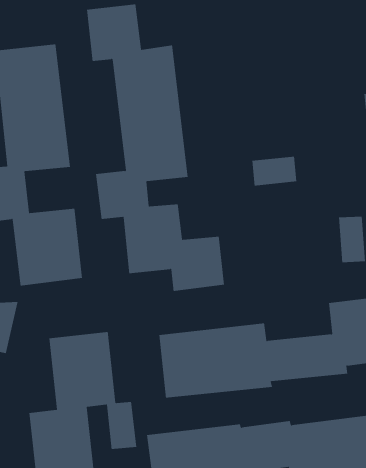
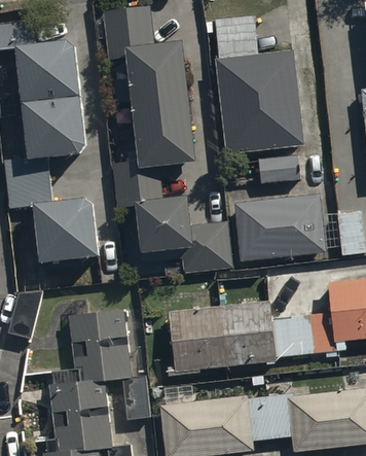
building: none -> [214,40,302,144]
building: none -> [231,185,324,253]

